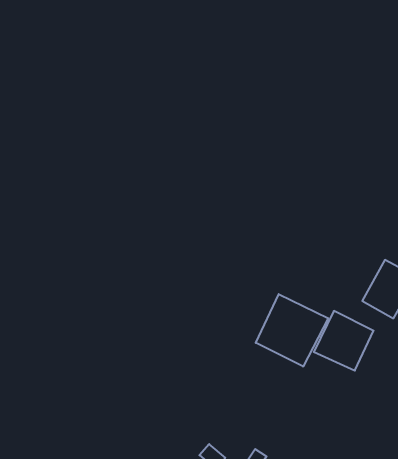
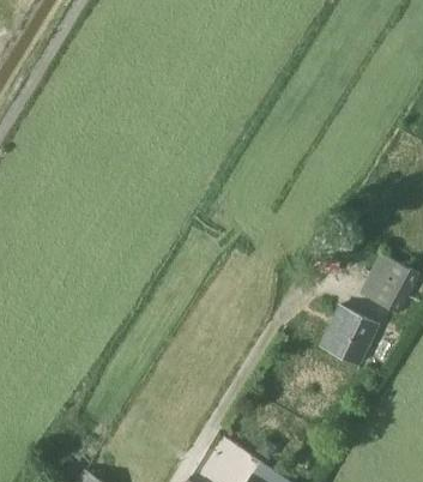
building: [256,294,328,367] -> none

